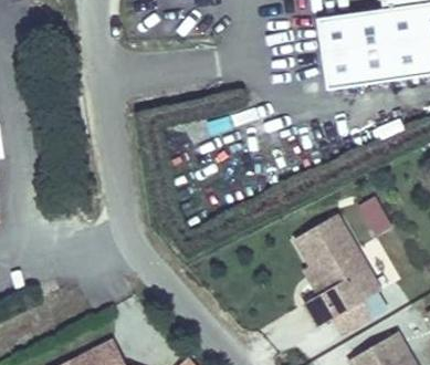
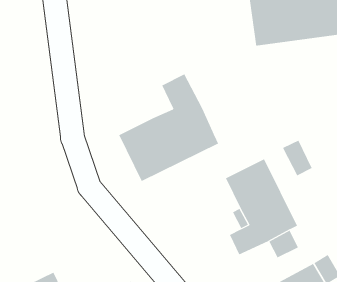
building: none -> [119,73,219,182]

